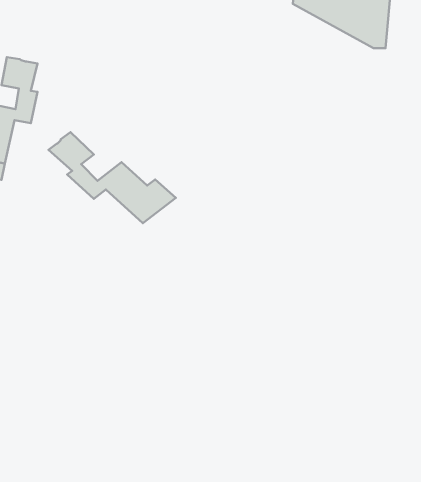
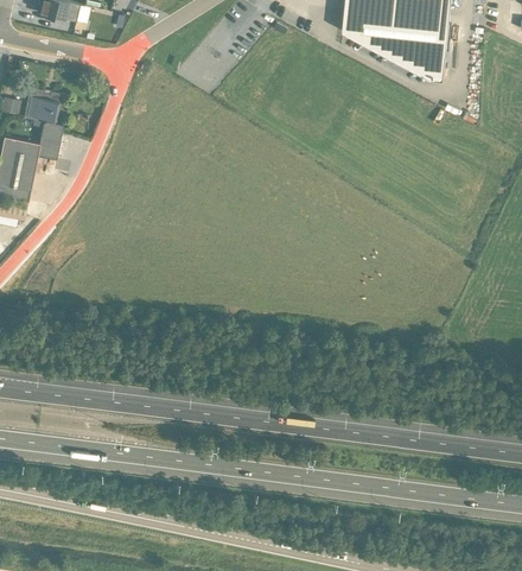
building: [49,132,176,223] -> none

